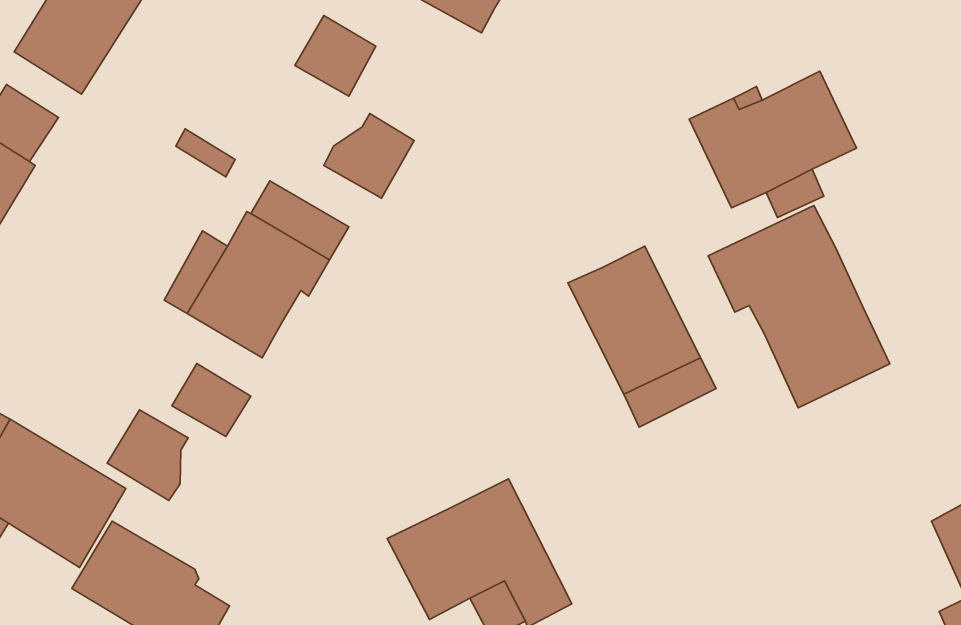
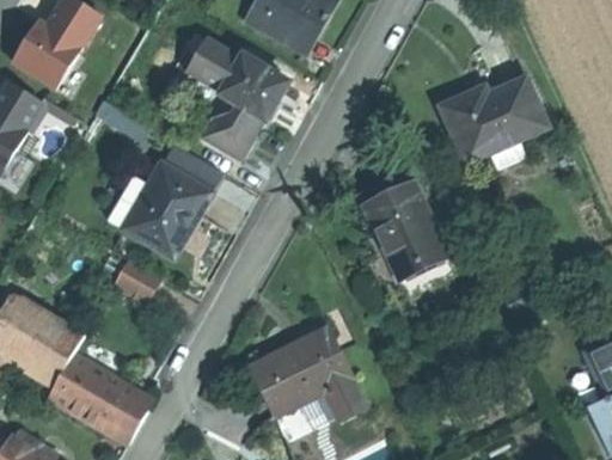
building: none -> [221,54,289,118]
building: [708,205,890,408] -> none
building: [107,410,188,501] -> none

